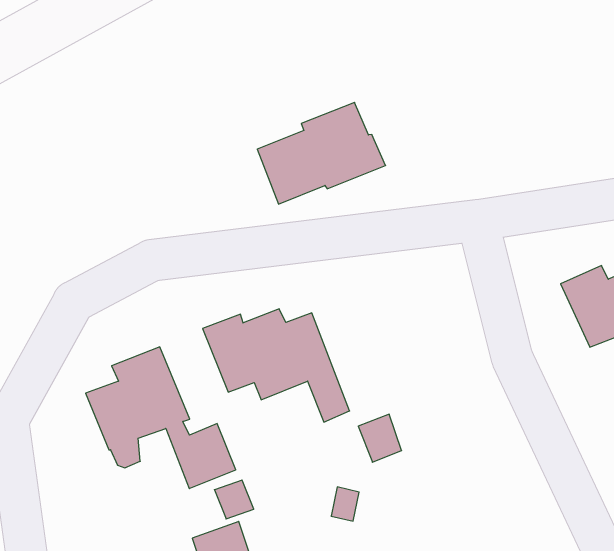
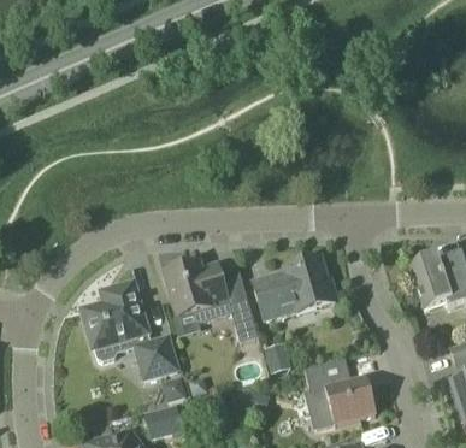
building: [257,102,386,204] -> [252,254,337,318]
building: none -> [299,356,376,428]

